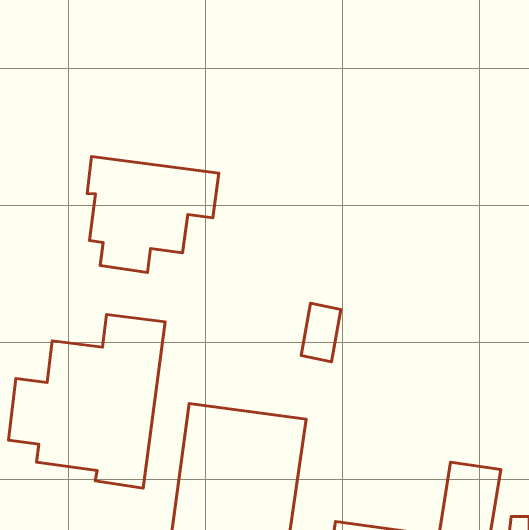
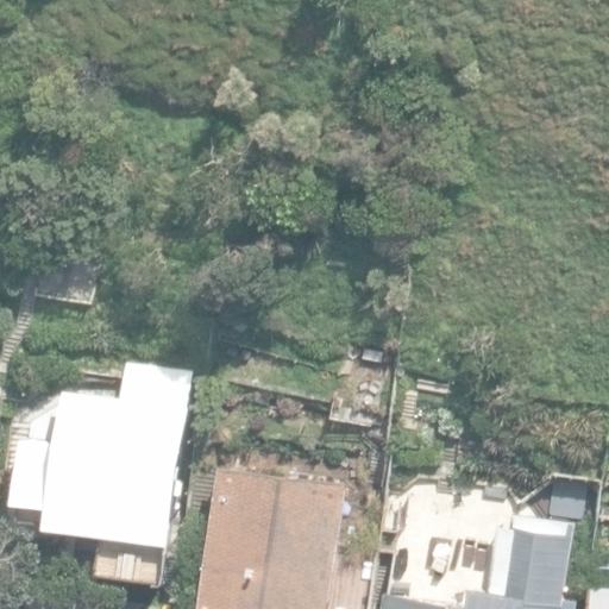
building: [87,156,219,272] -> none

